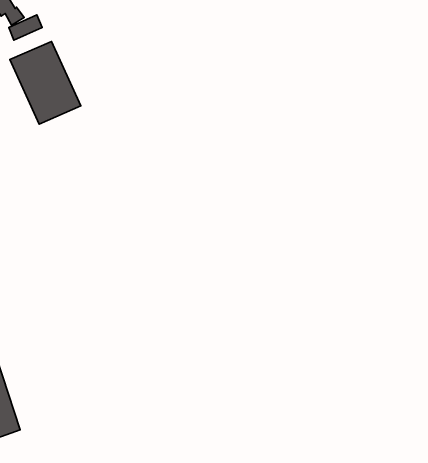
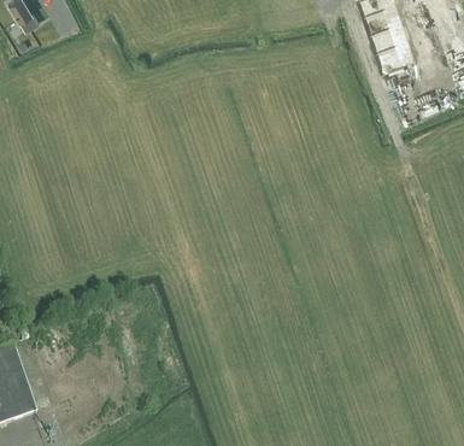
building: [10,42,81,124] -> none

